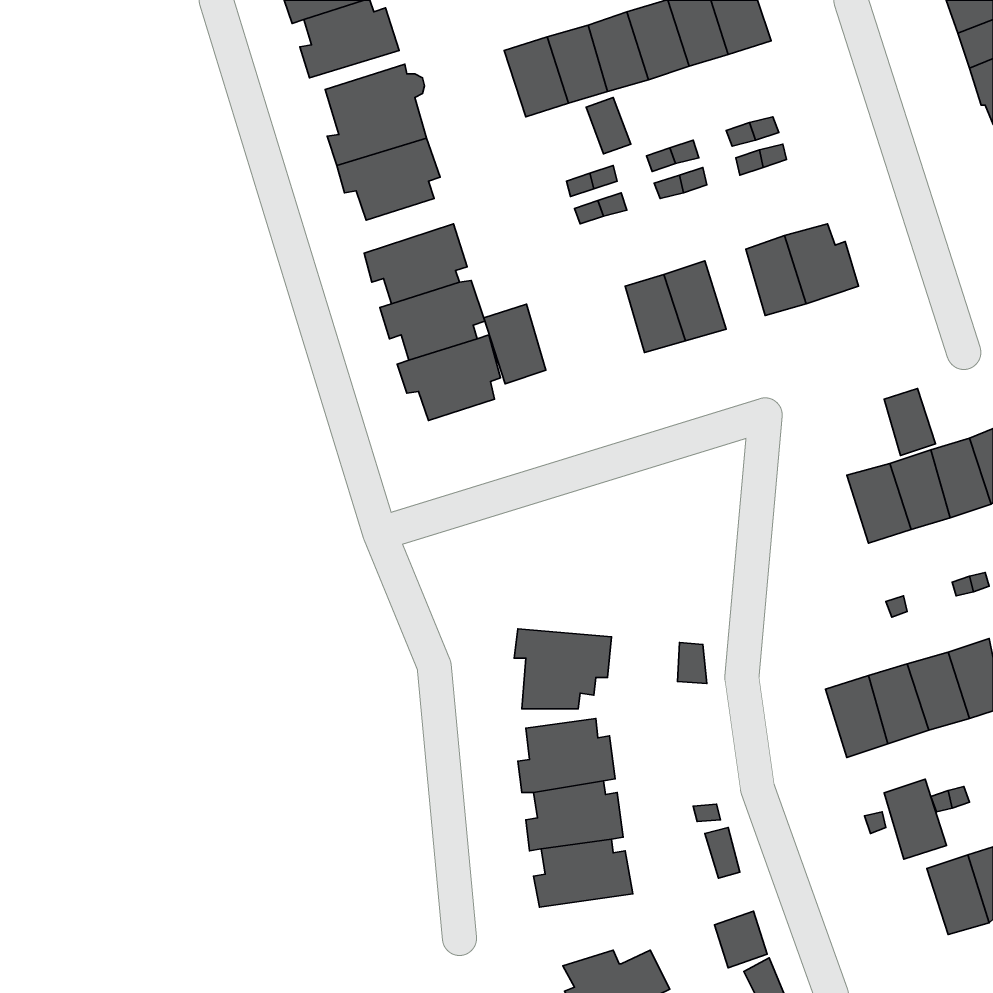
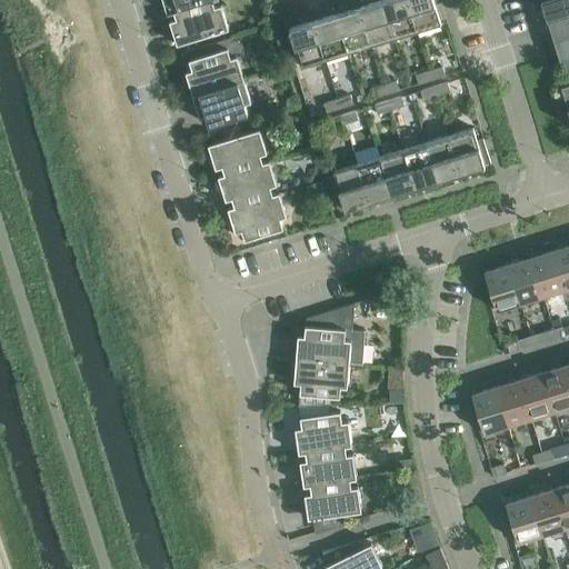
building: none -> [402,143,437,189]
building: [484,304,546,384] -> [332,164,368,210]
building: [884,389,935,455] -> none
building: none -> [296,303,365,365]
building: [884,779,947,859] -> [506,497,541,542]

